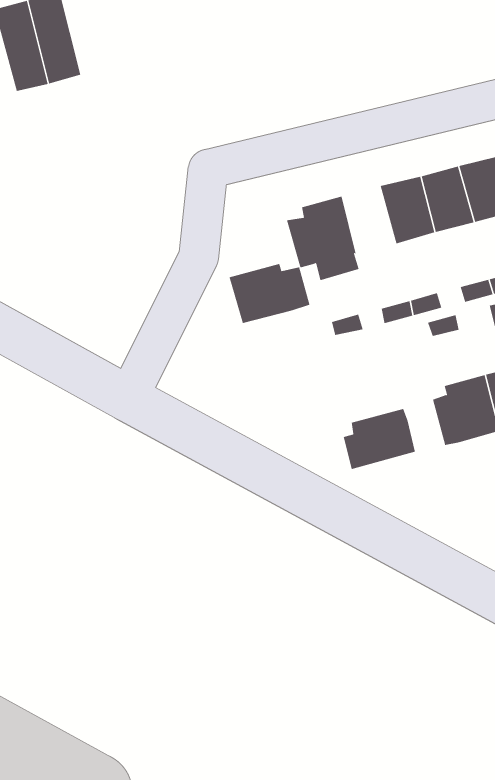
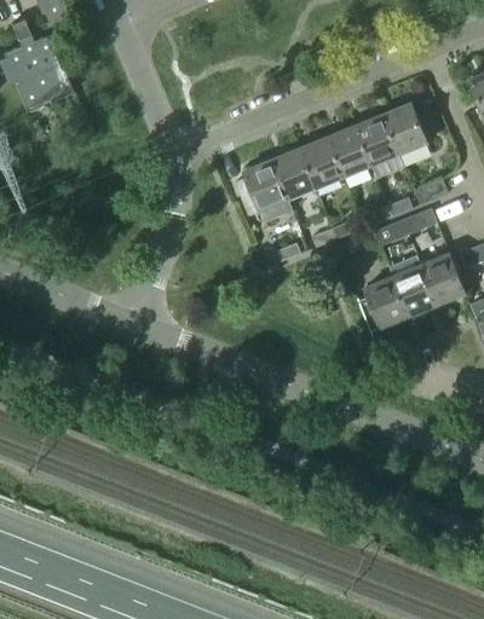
building: none -> [273,146,317,198]
building: [229,263,310,324] -> none
building: [343,408,415,470] -> none

